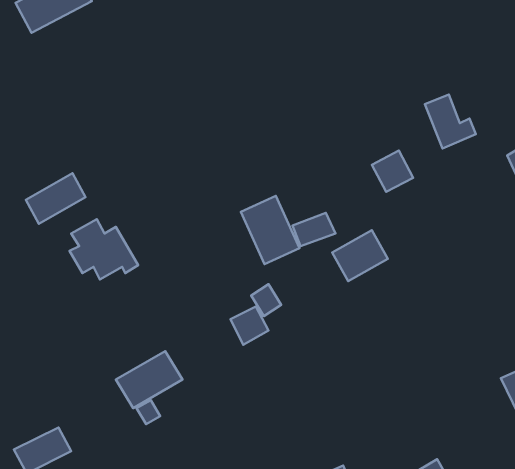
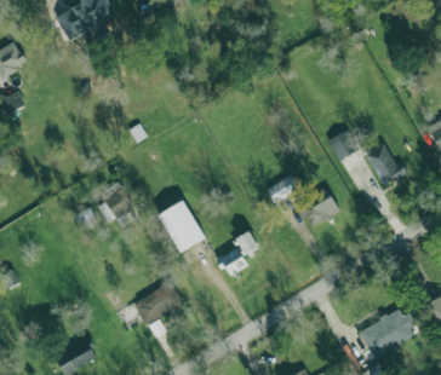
building: [425,95,476,149] -> [367,144,406,185]
building: [26,173,85,224] -> none
building: [241,196,300,264] -> [159,201,204,253]
building: none -> [359,308,418,358]

